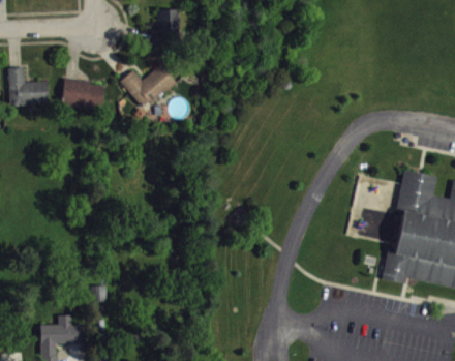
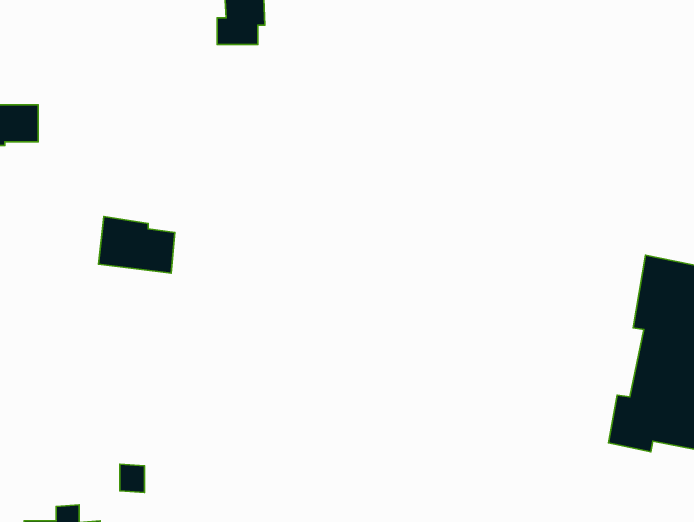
building: [120,65,178,107] -> none
building: [62,78,107,111] -> [99,216,175,273]

